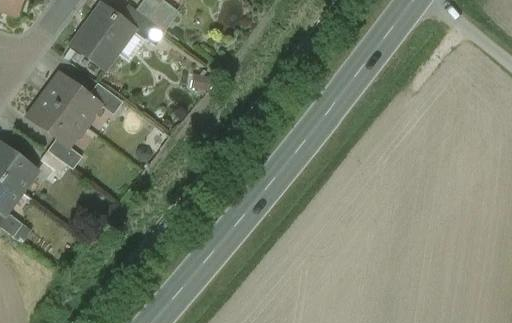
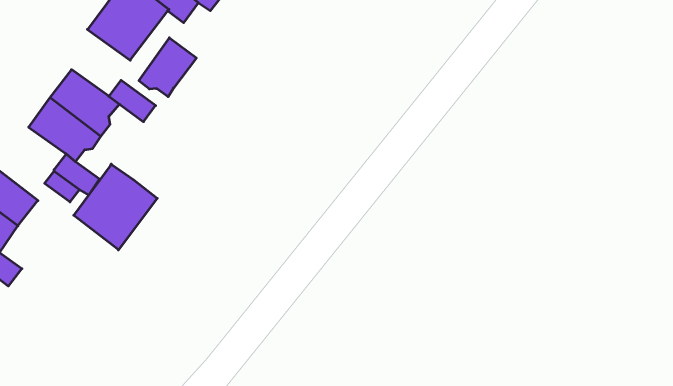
building: none -> [139,38,196,97]
building: none -> [74,164,157,250]

